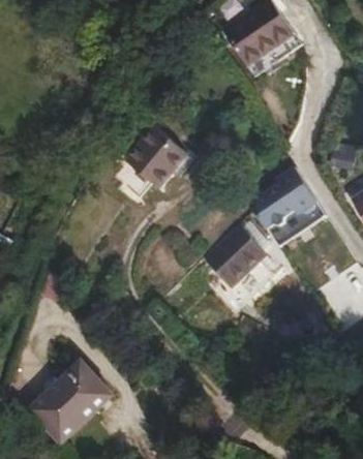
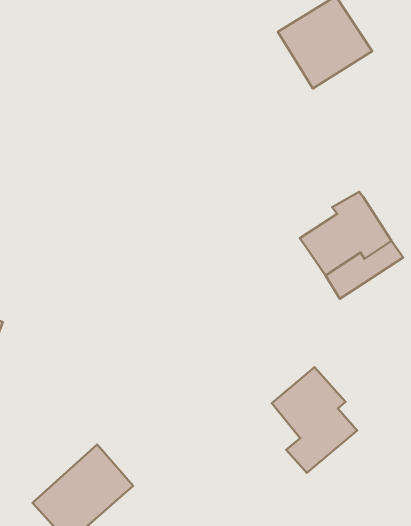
building: [116,118,188,193] -> none
building: [206,225,274,310] -> [272,367,357,473]

